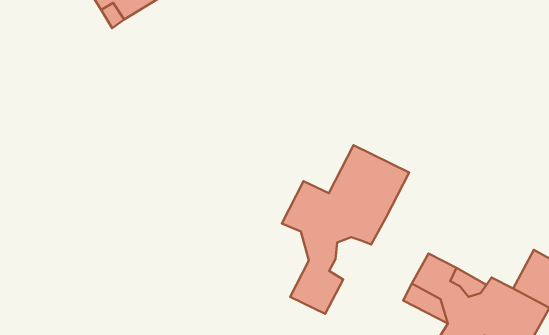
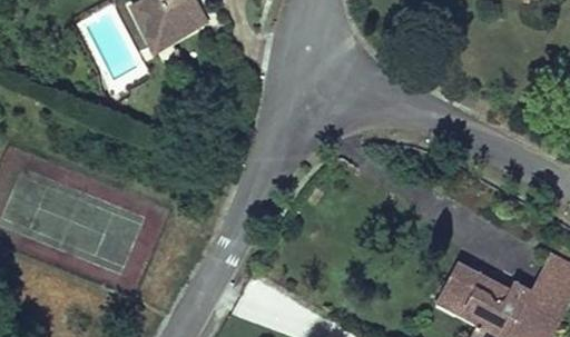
building: [282,145,409,314] -> none

